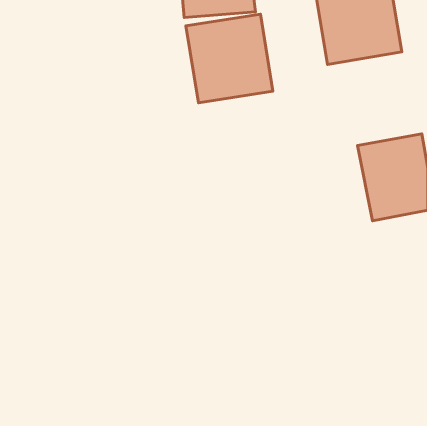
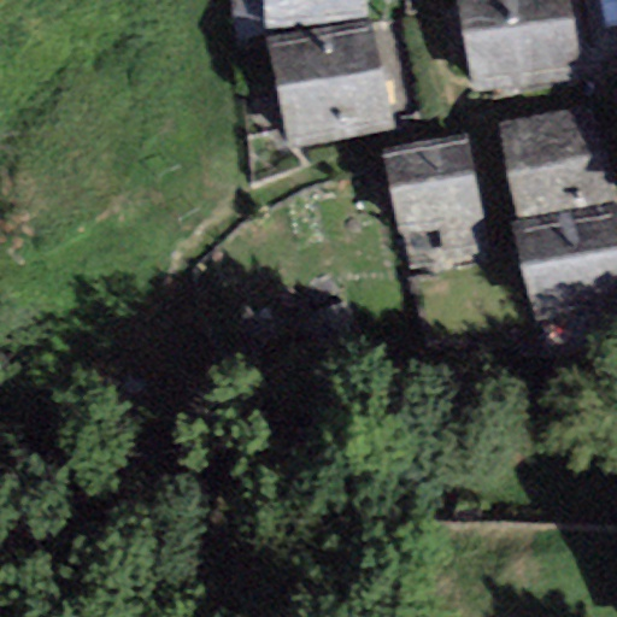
building: none -> [499,105,609,210]
building: none -> [384,131,484,237]

